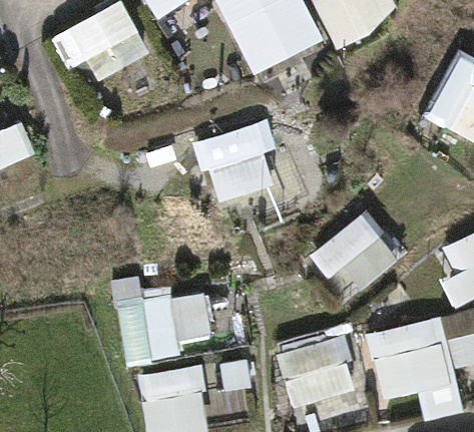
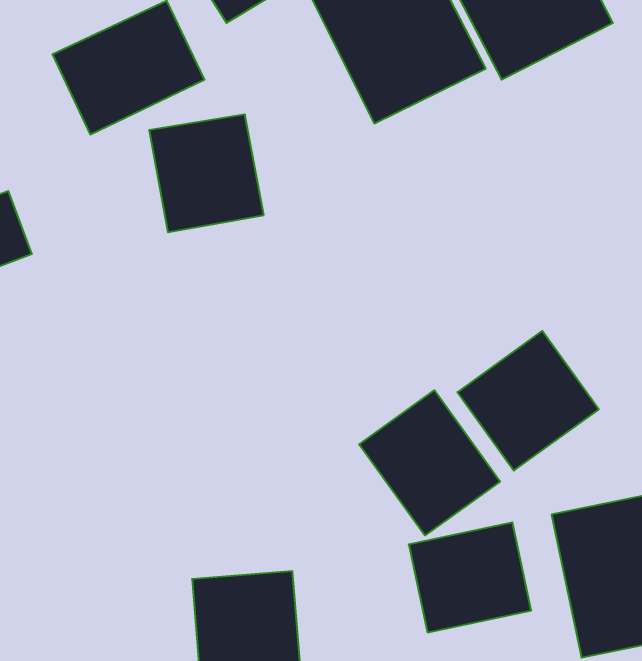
building: [200,128,274,203] -> [149,114,264,232]
building: none -> [359,390,500,535]
building: [118,291,236,363] -> none

